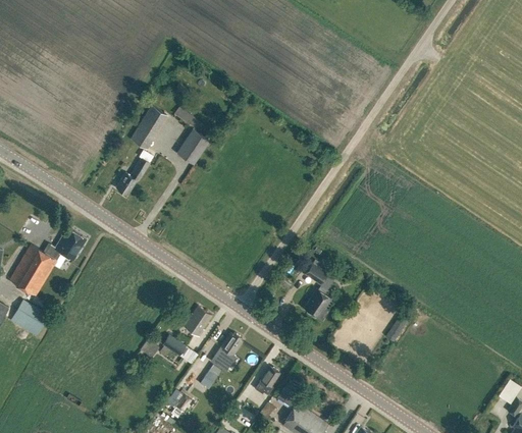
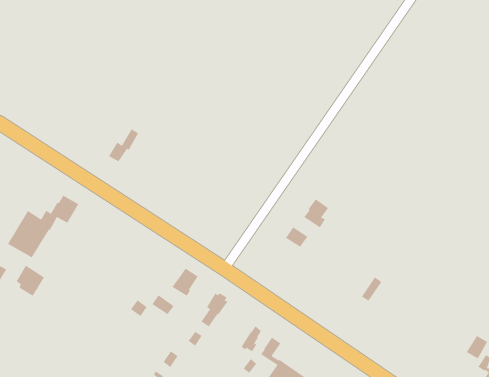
building: [129,105,167,149] -> none
building: [175,127,209,164] -> none
building: [304,288,331,320] -> [303,198,329,228]

